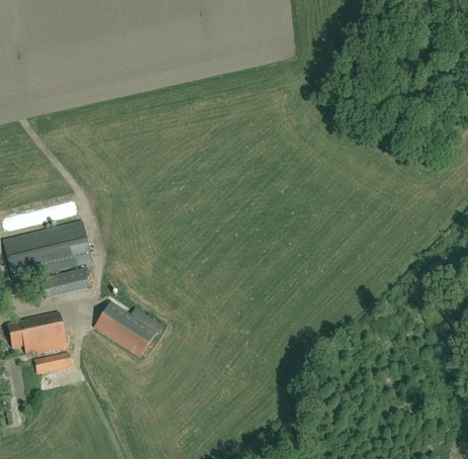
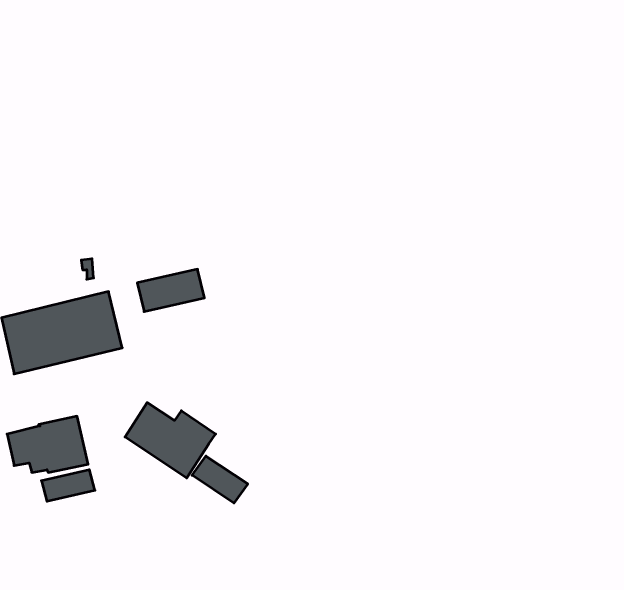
building: [39,267,89,298] -> [137,269,204,312]
building: none -> [192,456,248,503]

